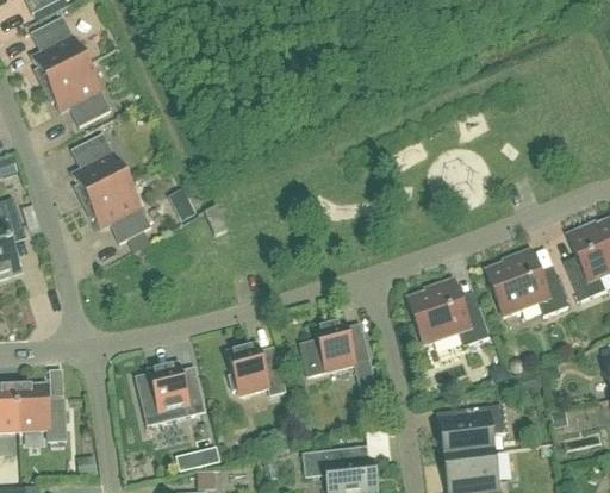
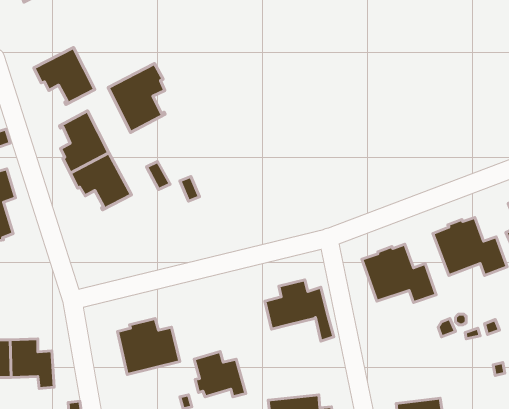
building: [31,15,87,85] -> none
building: none -> [108,64,165,132]
building: [228,343,285,393] -> [194,352,246,397]
building: [438,405,505,456] -> none

